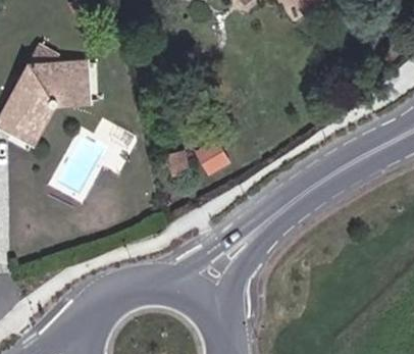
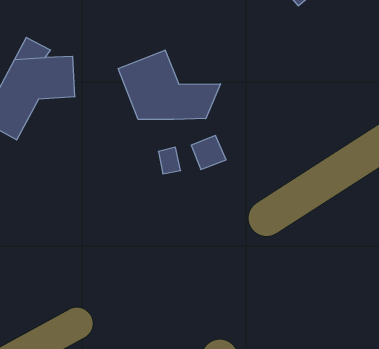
building: none -> [118,50,220,119]

